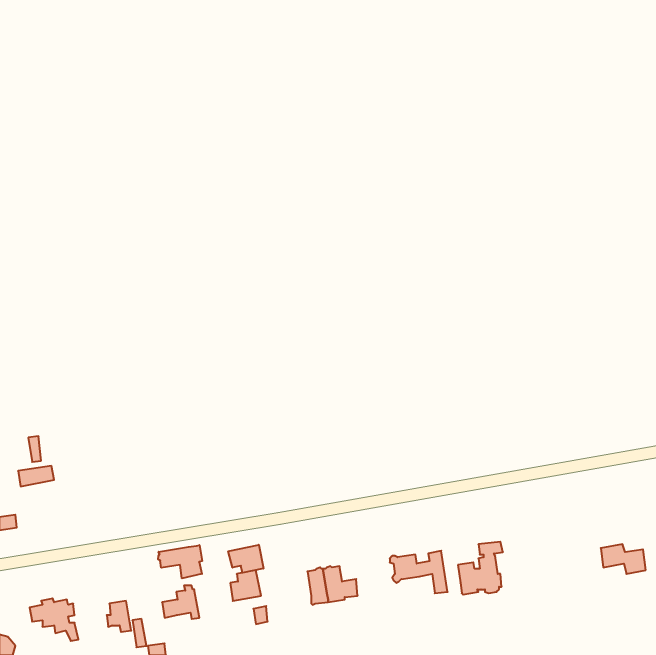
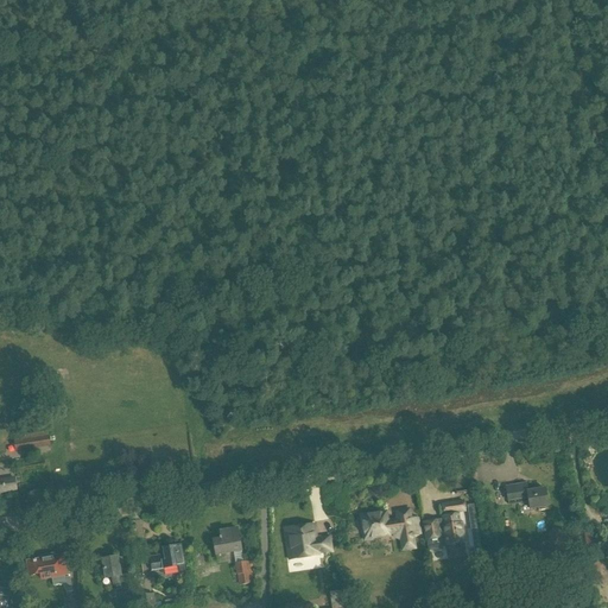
building: [601,544,646,574] -> [505,482,546,509]
building: [228,545,263,573] -> none
building: [158,545,202,578] -> none

